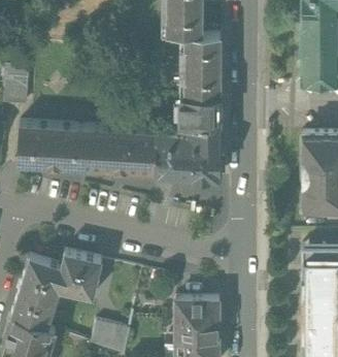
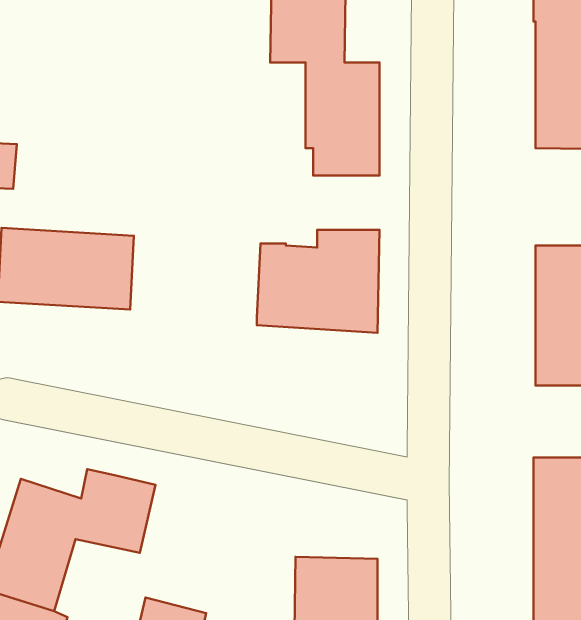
building: [180,96,221,125] -> none
building: [89,128,158,171] -> none

